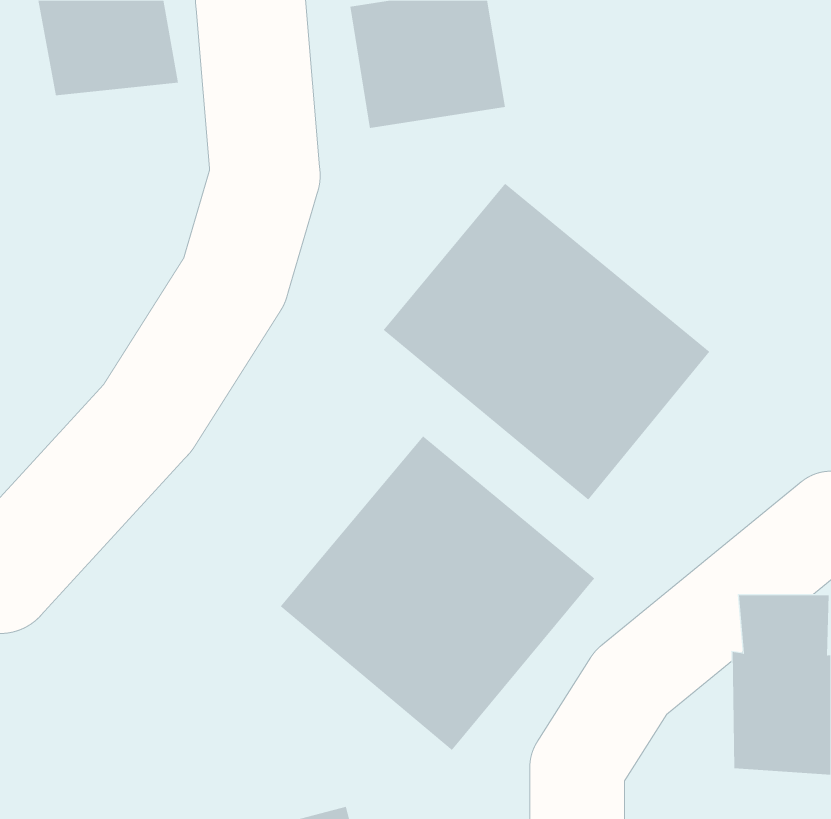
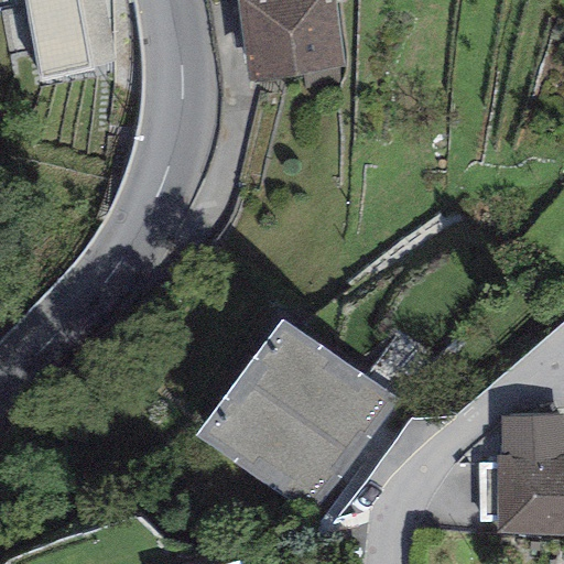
building: [383,183,710,501] -> none

